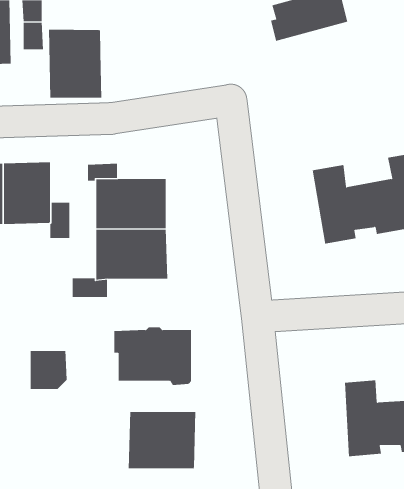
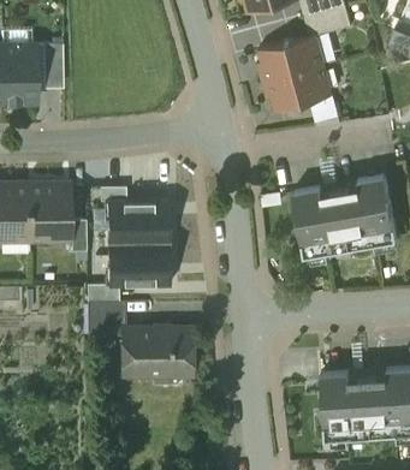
building: none -> [262,63,333,108]
building: [48,29,102,99] -> none
building: [30,350,68,390] -> [87,299,119,333]
building: [128,411,196,469] -> none

